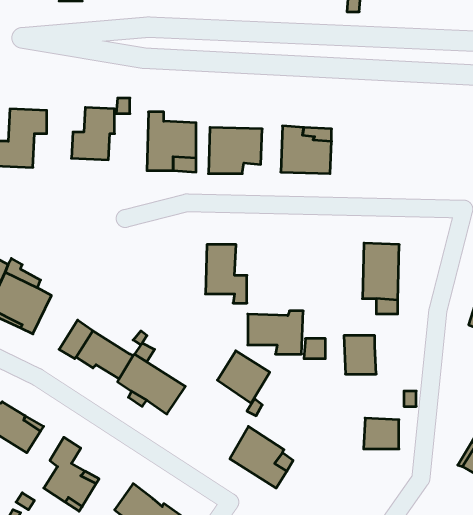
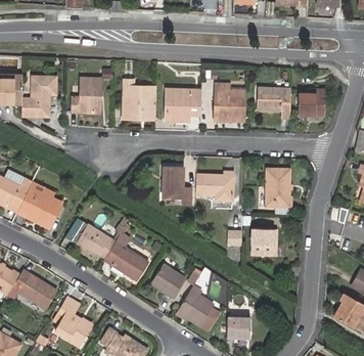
building: none -> [257,89,289,117]
building: none -> [297,90,324,116]
building: [248,311,303,354] -> [196,174,233,203]
building: [217,351,270,403] -> [151,264,186,299]
building: [364,418,399,449] -> [226,317,249,338]

